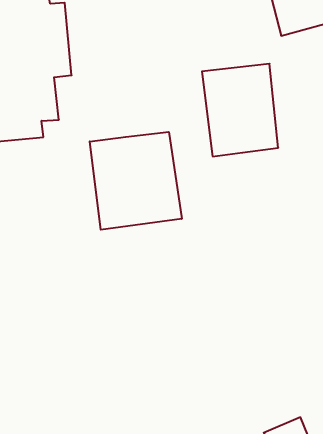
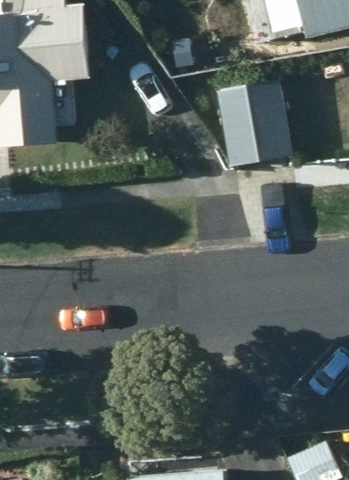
building: [90,132,182,230] -> none

